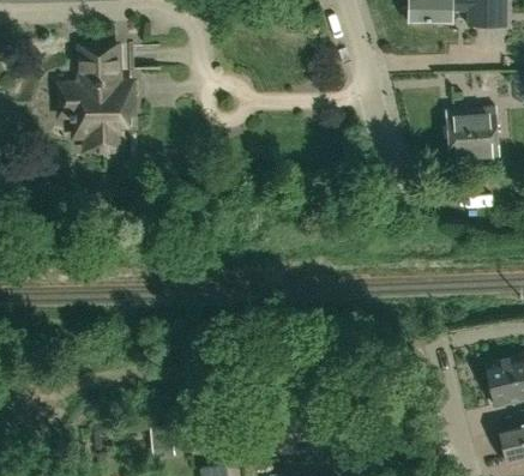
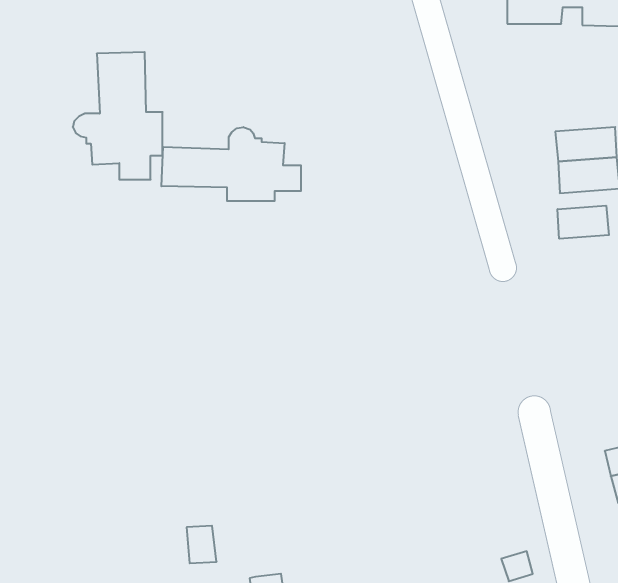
building: none -> [161,127,301,201]
building: none -> [558,206,609,239]

